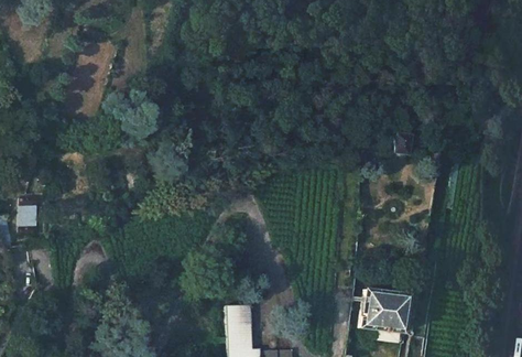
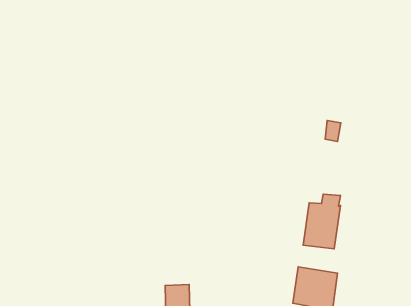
building: none -> [303,194,340,249]

